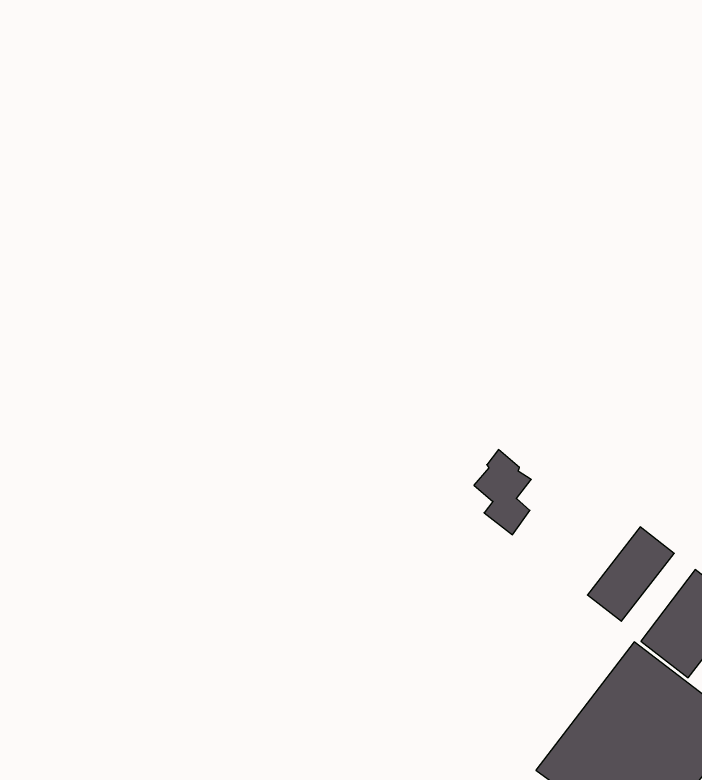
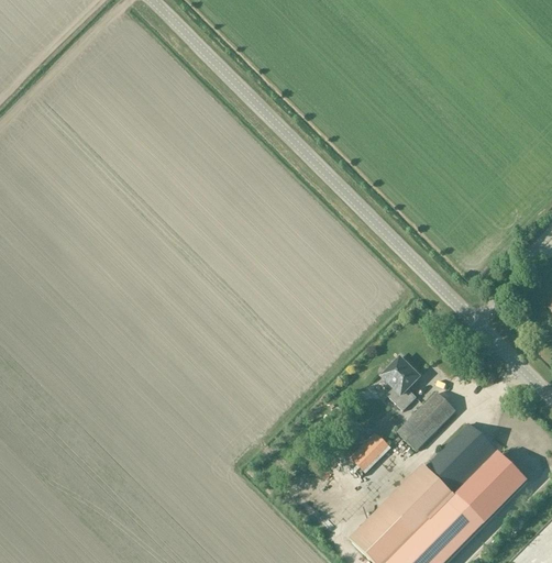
building: [474,450,531,535] -> [382,354,419,410]
building: none -> [349,431,390,474]

